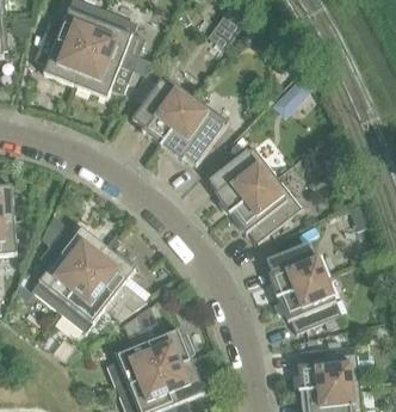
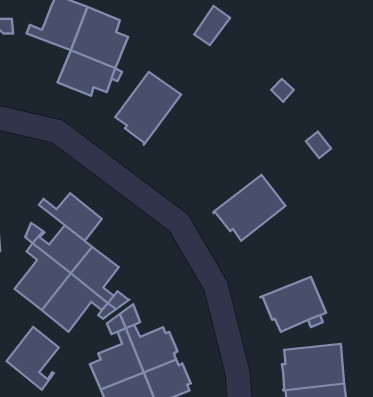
building: [33,36,87,85] -> none
building: [160,97,228,165] -> none
building: [209,146,277,214] -> none
building: none -> [39,193,102,241]
building: [266,241,326,299] -> none
building: none -> [6,327,59,390]

